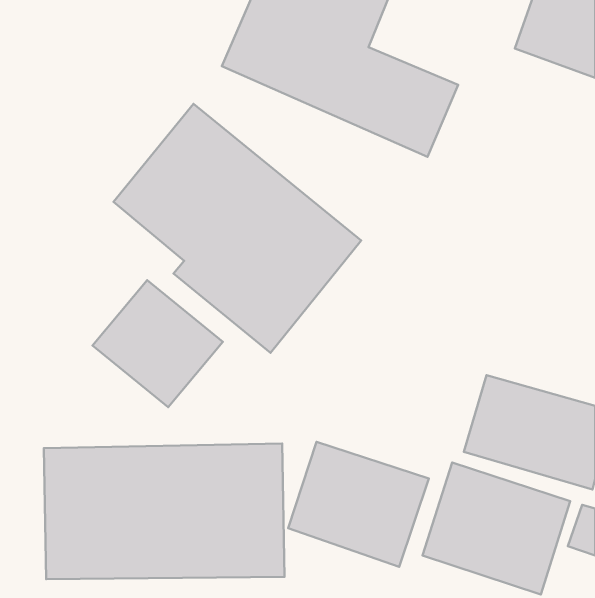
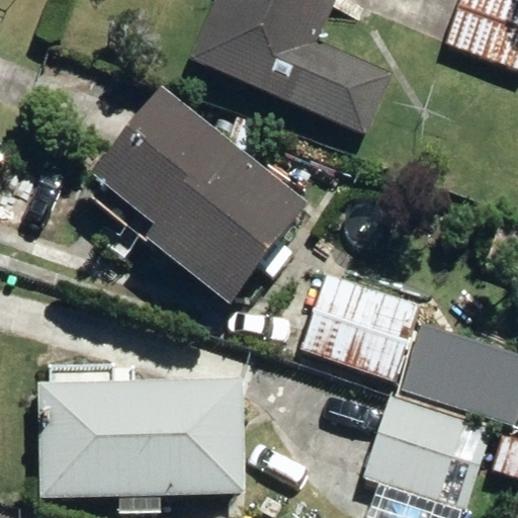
building: [93,280,223,407] -> none
building: [288,442,429,567] -> [296,274,417,381]

